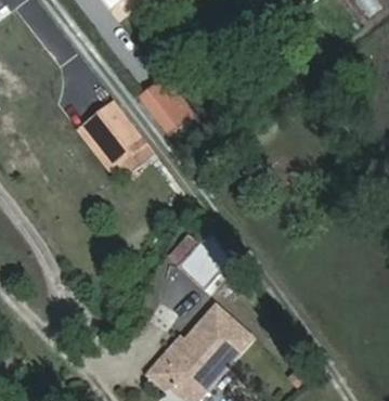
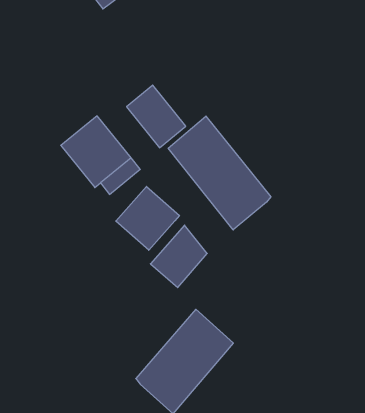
building: none -> [168,116,271,230]
building: none -> [116,186,179,250]

